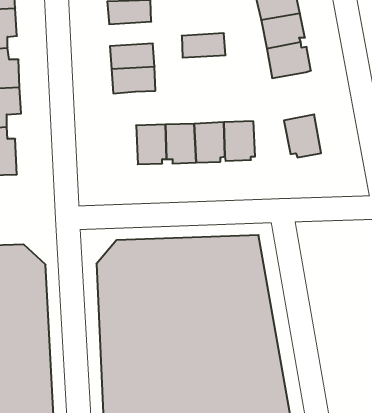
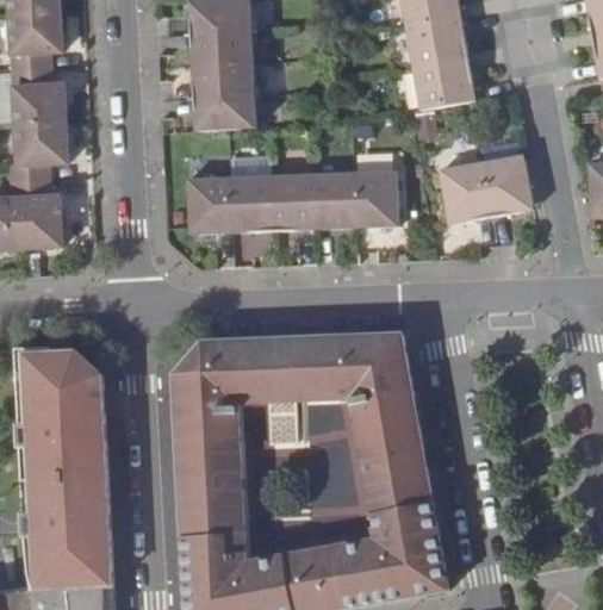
building: [182,33,226,58] -> [191,31,253,66]
building: none -> [480,155,531,217]
building: none -> [186,178,231,235]

